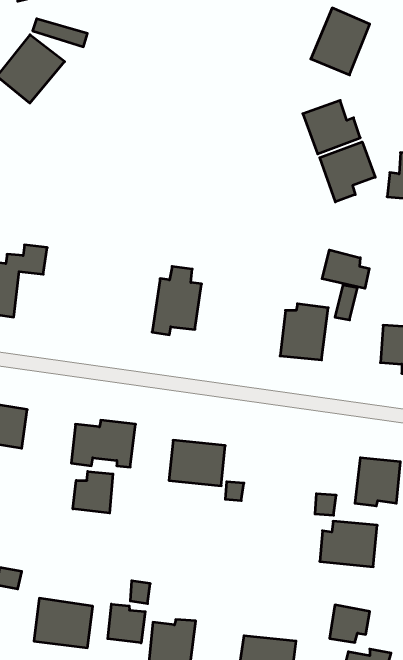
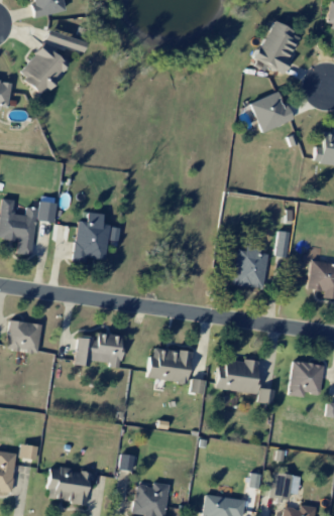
building: [320,142,375,202] -> none
building: [322,250,369,288] -> none
building: [152,266,202,335] -> [73,212,110,263]
building: [73,471,113,513] -> none
building: [320,521,377,567] -> [215,359,258,393]
building: [108,604,145,643] -> none

